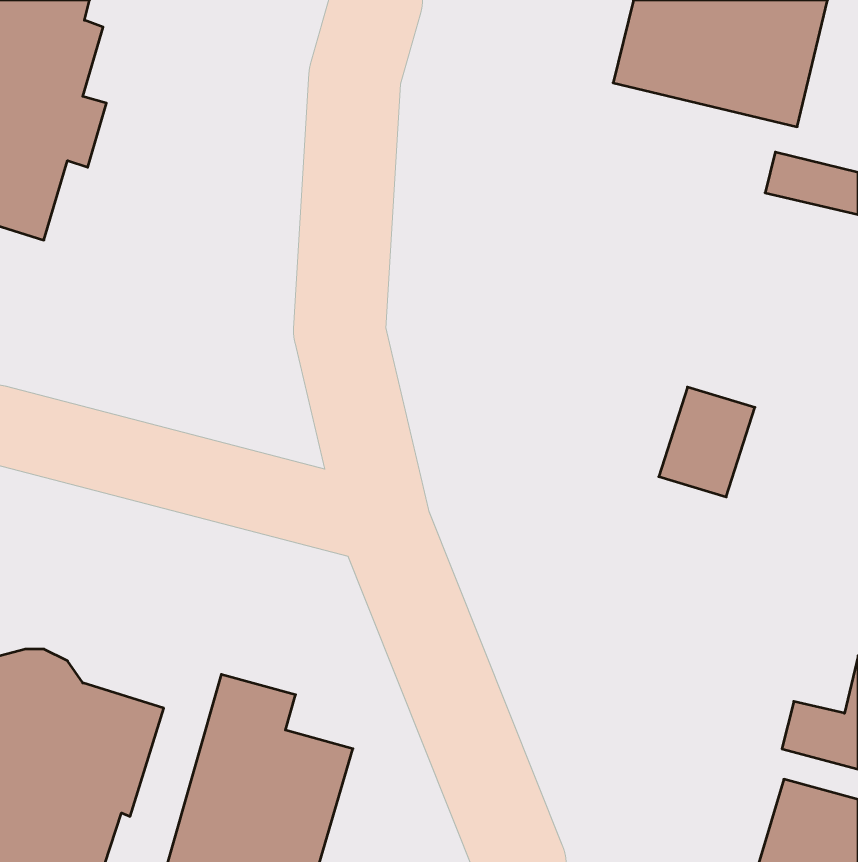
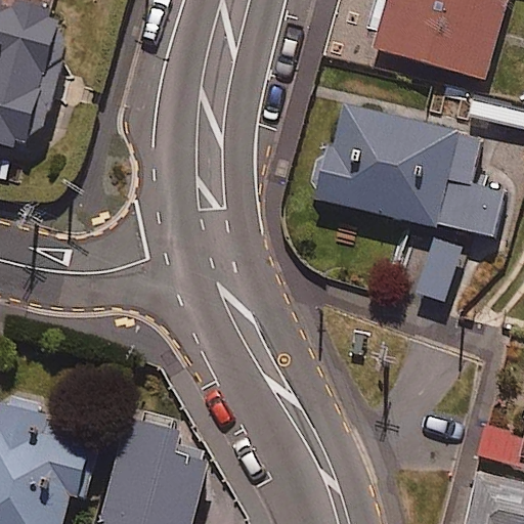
building: none -> [309,98,501,239]

